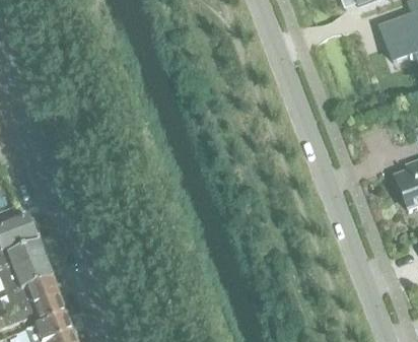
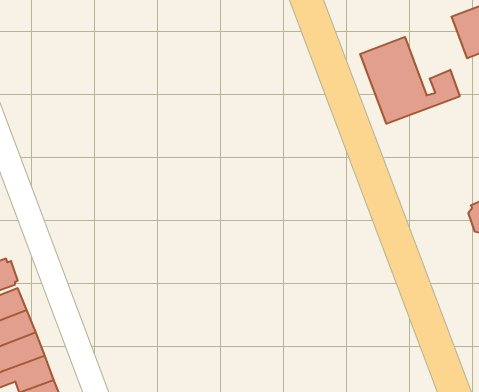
building: none -> [360,37,460,124]

